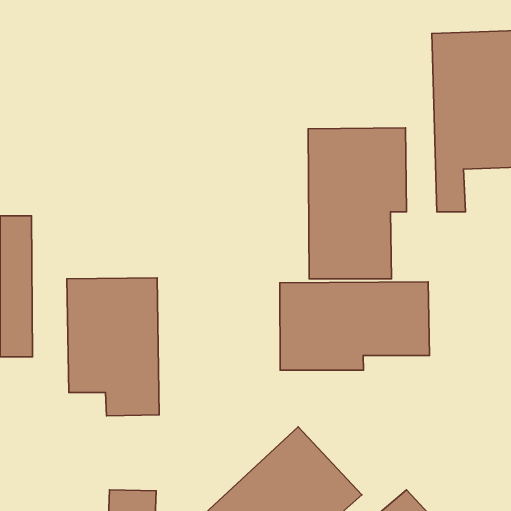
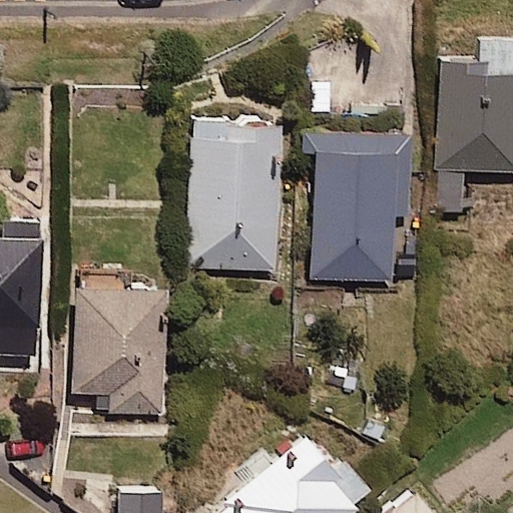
building: none -> [189,119,279,275]
building: [280,282,429,370] -> none

